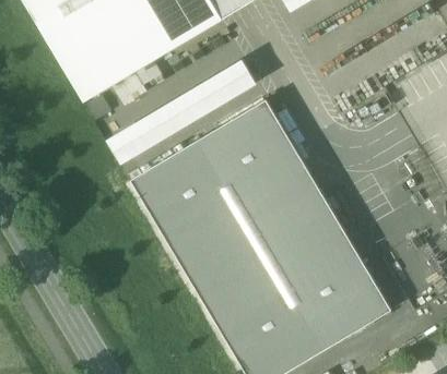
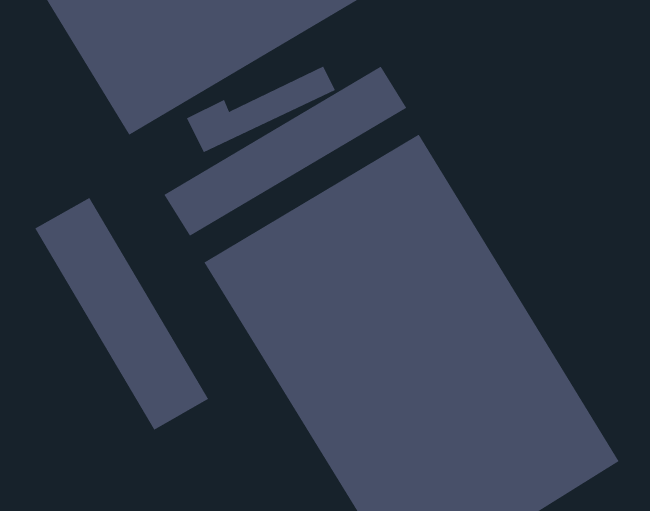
building: none -> [34,197,209,430]

